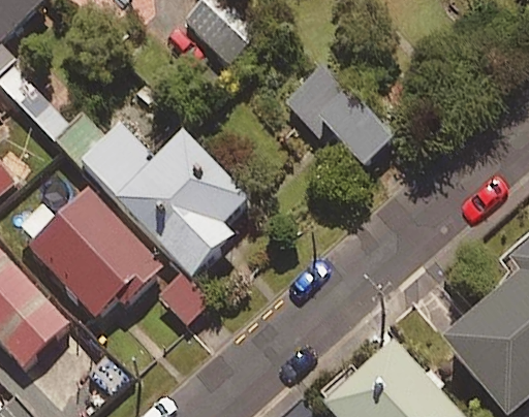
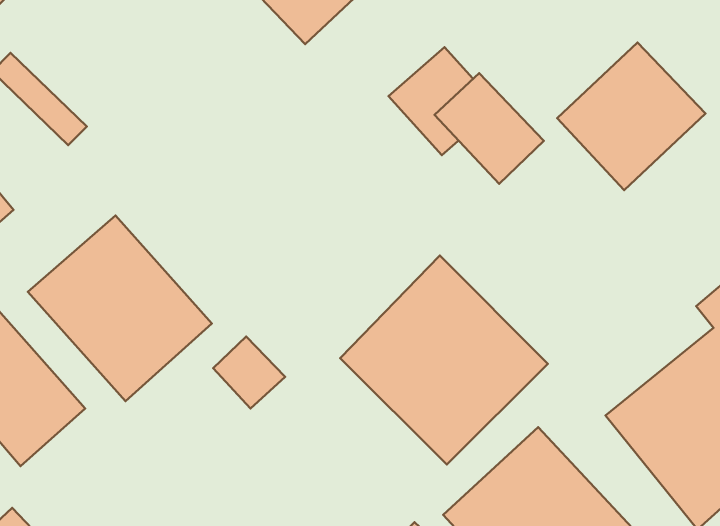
building: none -> [557,43,706,190]
building: [83,123,260,271] -> none
building: none -> [340,256,548,465]

